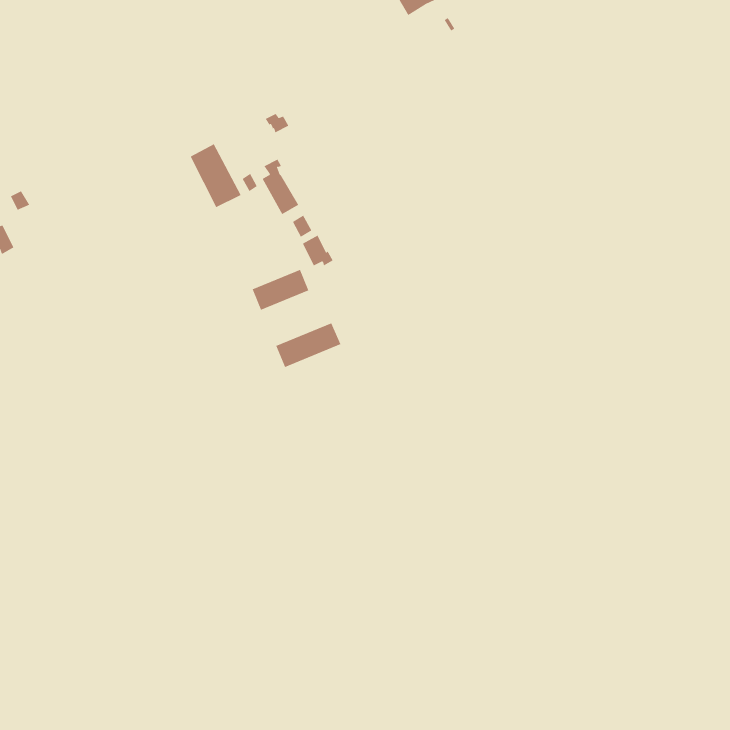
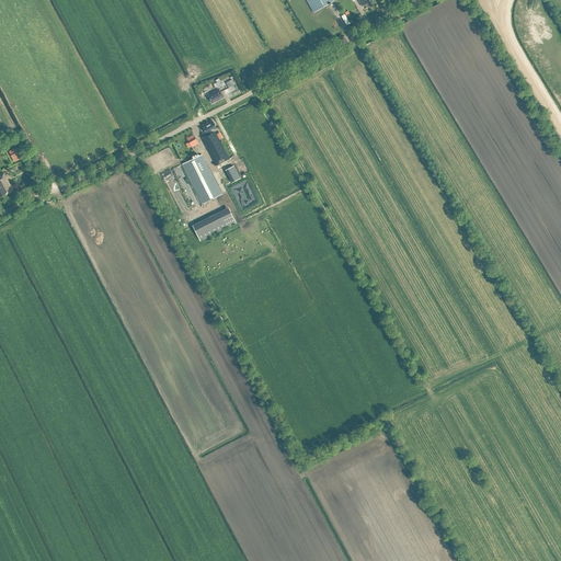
building: [190,144,241,208] -> [182,153,221,203]
building: [275,322,341,368] -> none

